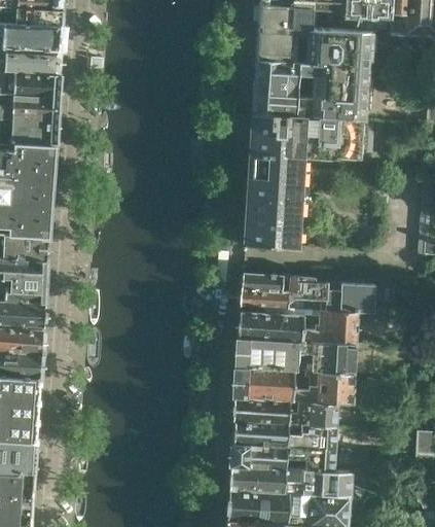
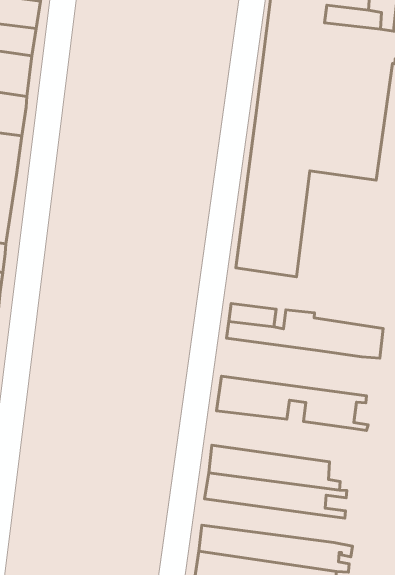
building: [240,309,370,345] -> none
building: [235,366,356,405] -> none
building: [231,443,346,472] -> none

